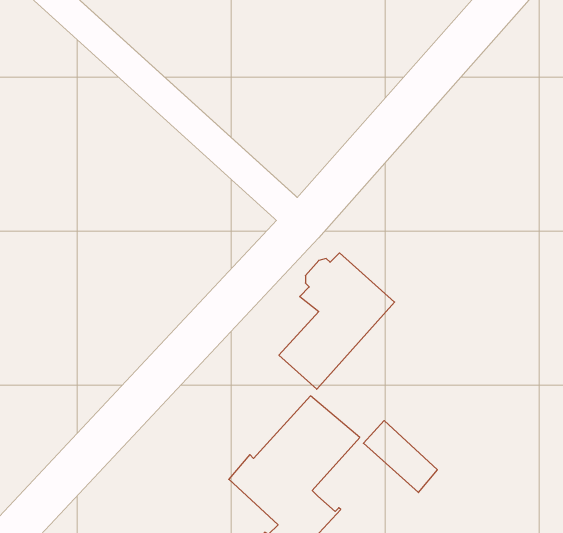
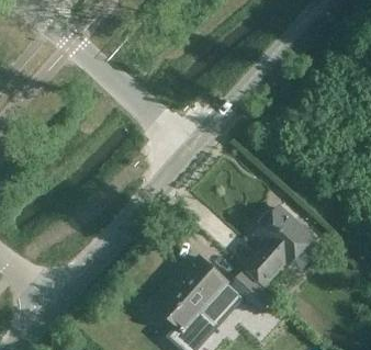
building: [279,253,395,389] -> [248,207,315,286]

